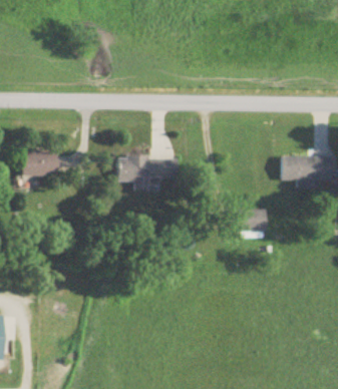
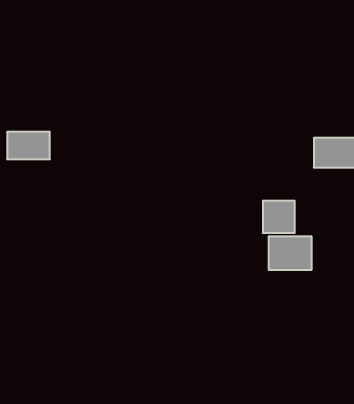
building: [118,156,179,190] -> none
building: none -> [269,236,311,270]

